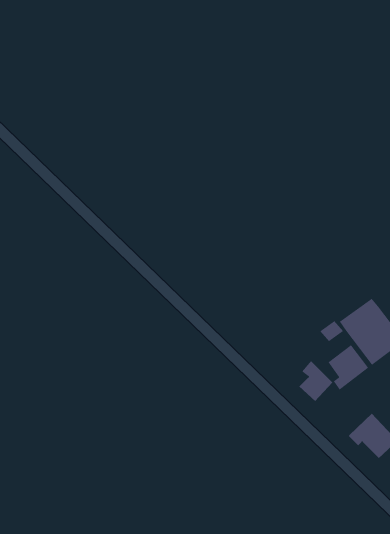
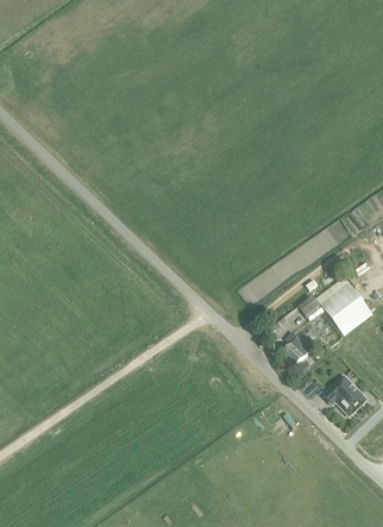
building: [328,344,369,391] -> none

